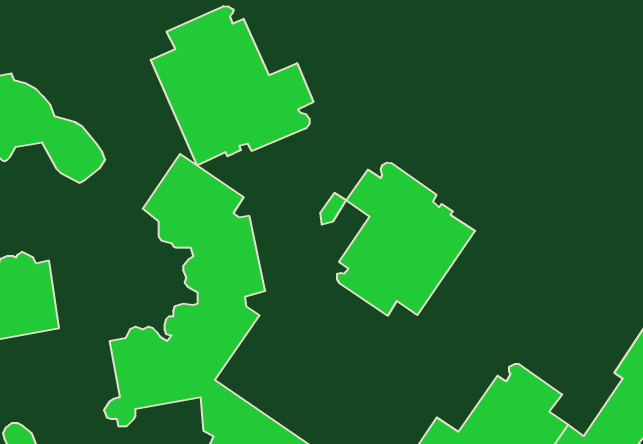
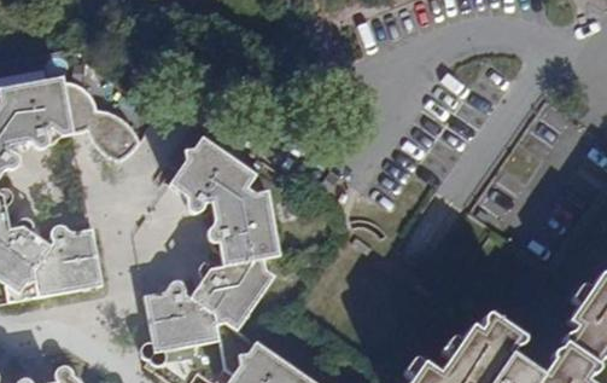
building: [151,6,313,165] -> none
building: [337,163,475,316] -> none

